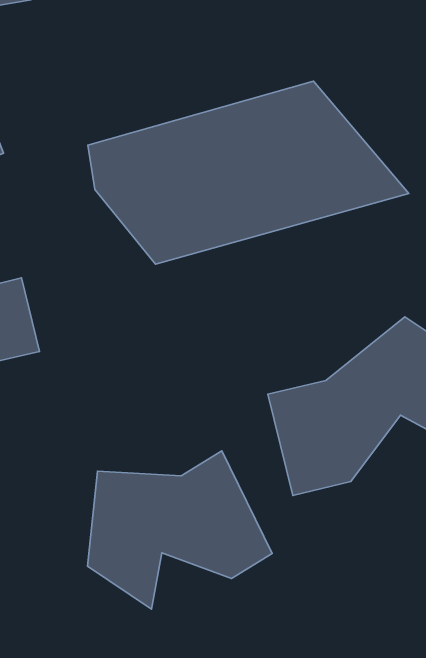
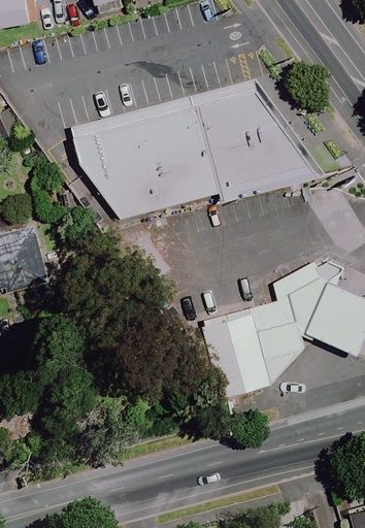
building: [87,451,272,609] -> none

